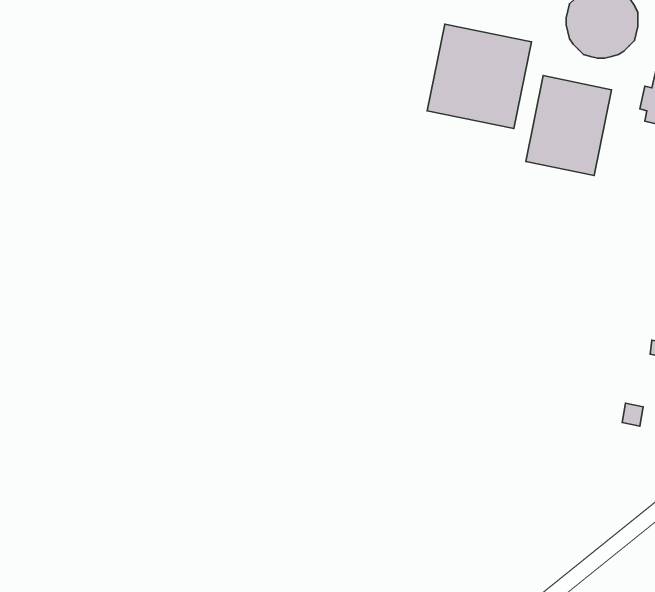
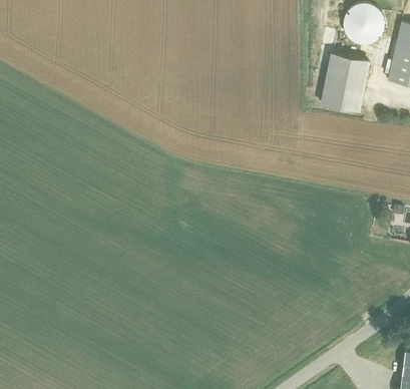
building: [427,24,532,128] -> none

